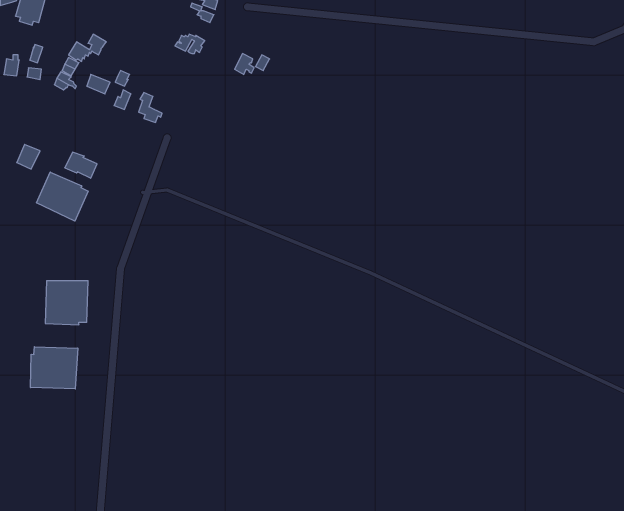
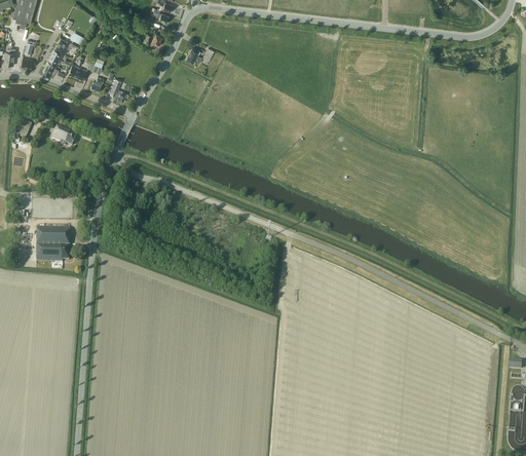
building: [37,172,88,221] -> none
building: [31,347,78,389] -> none

